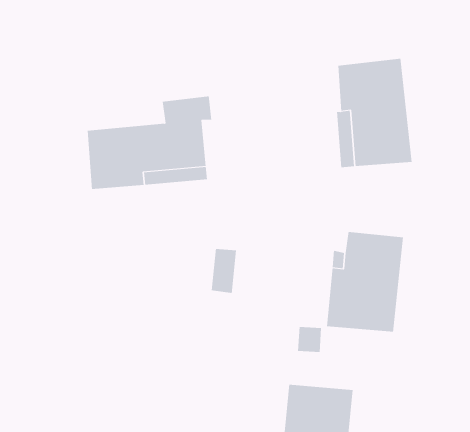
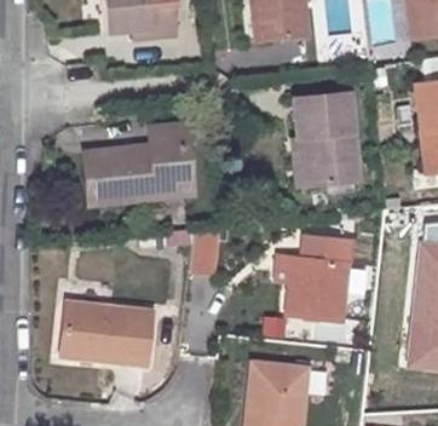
building: none -> [59,304,150,365]

